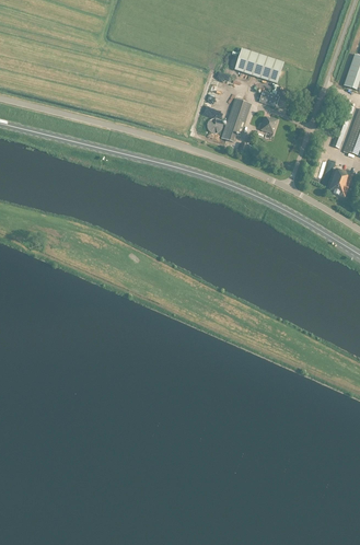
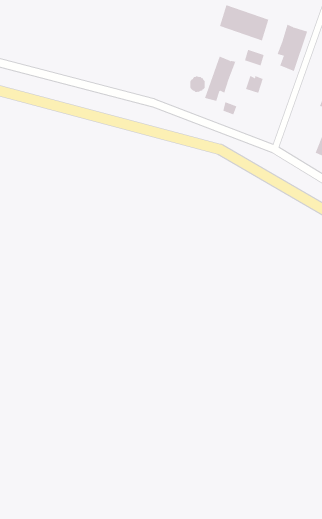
building: none -> [277,24,308,72]

